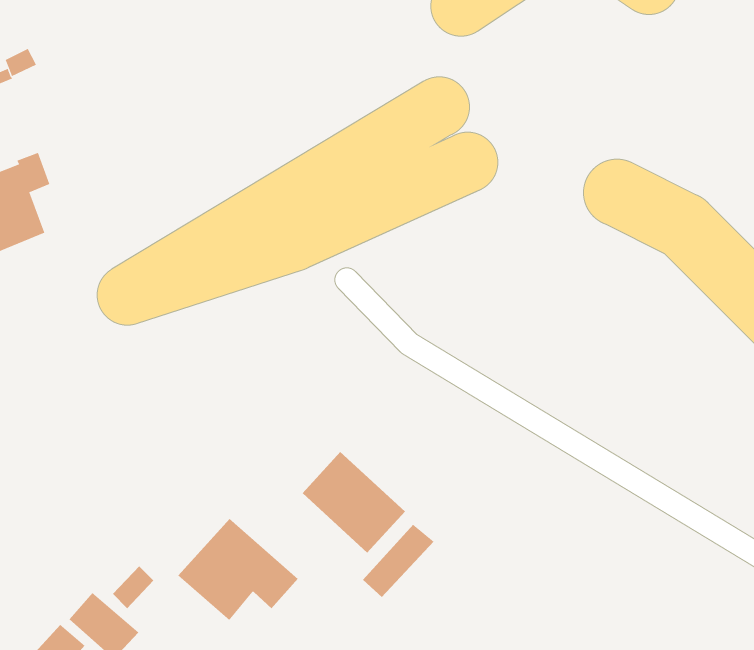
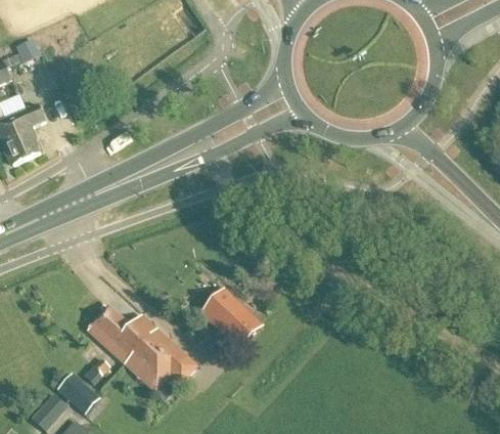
building: none -> [87,306,154,361]
building: [362,524,435,598] -> none

